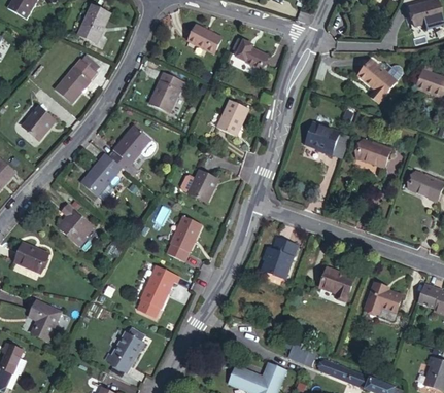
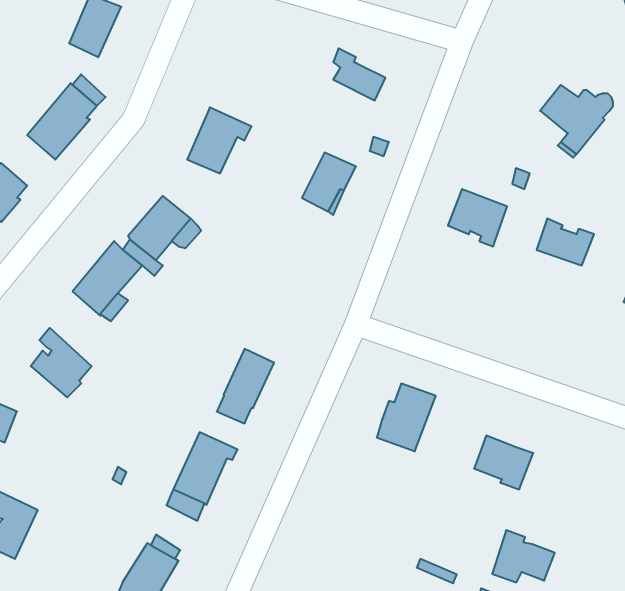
building: [189,26,221,52] -> none
building: [181,170,215,202] -> none
building: [365,282,402,313] -> [492,530,555,582]

